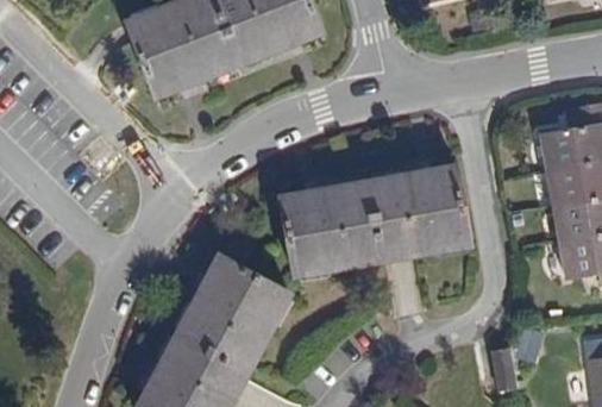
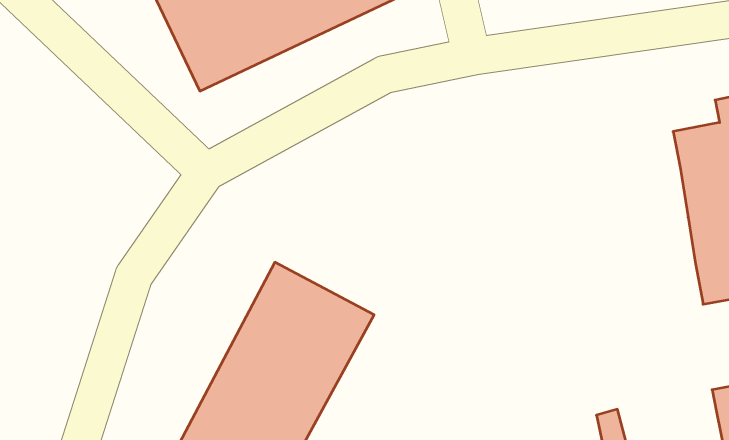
building: [284,163,478,271] -> none

